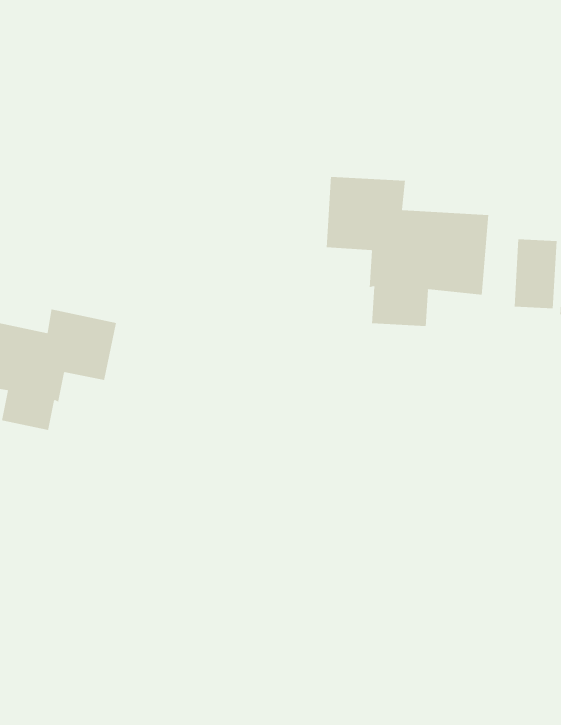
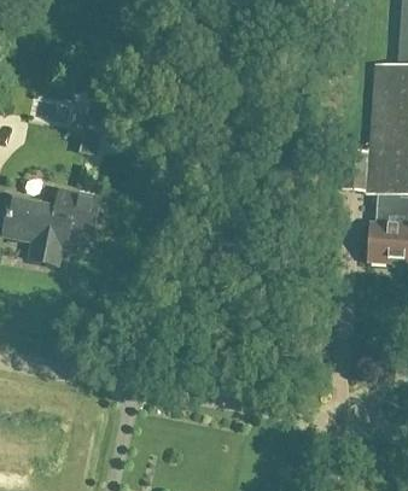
building: [326,176,489,327] -> none

